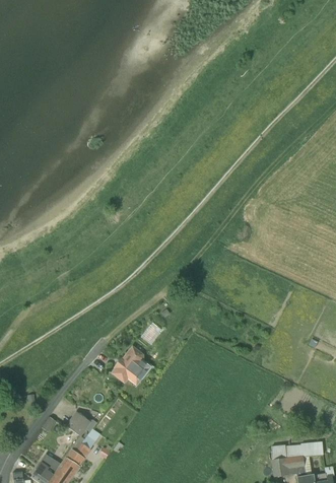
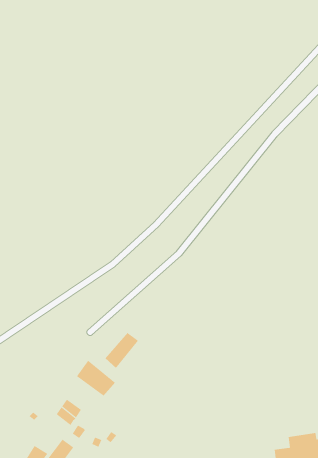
building: none -> [76,360,116,396]

